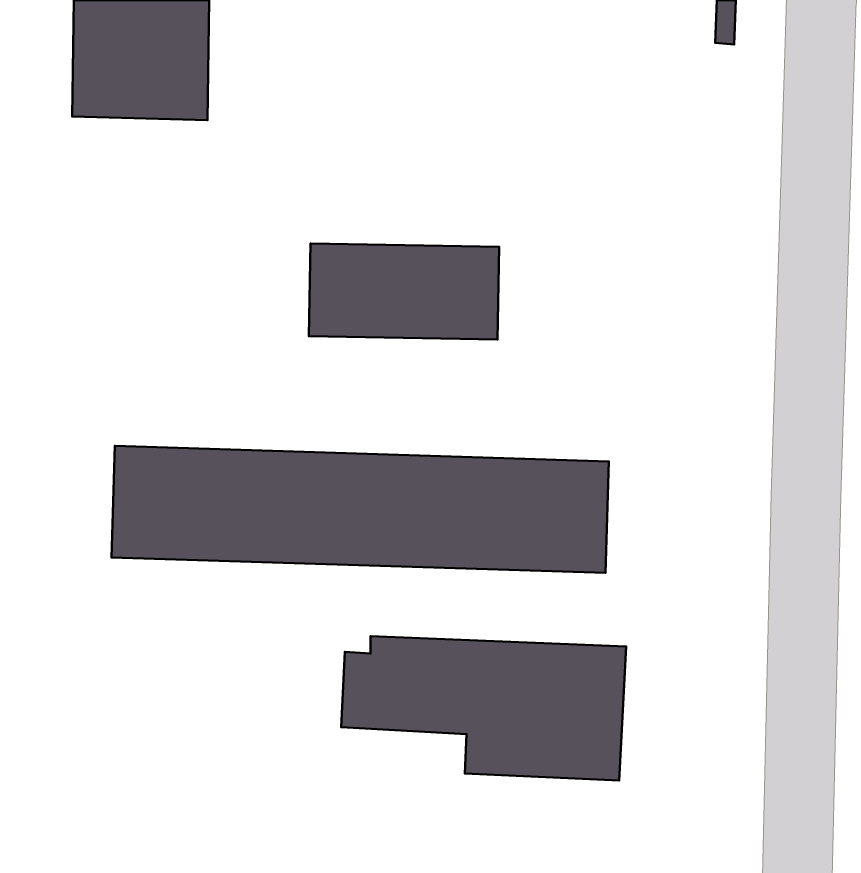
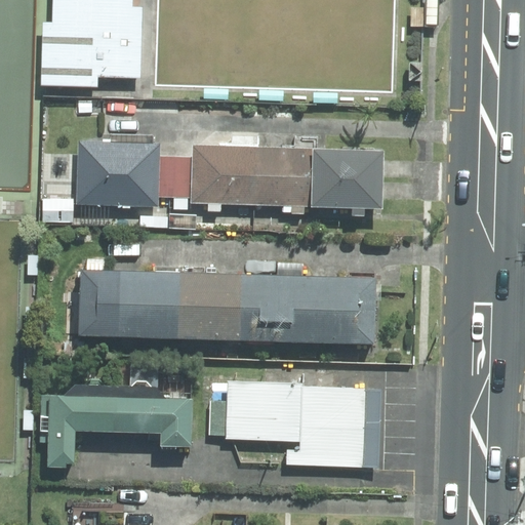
building: none -> [76,142,162,207]
building: none -> [310,150,380,208]
building: none -> [41,395,195,469]

